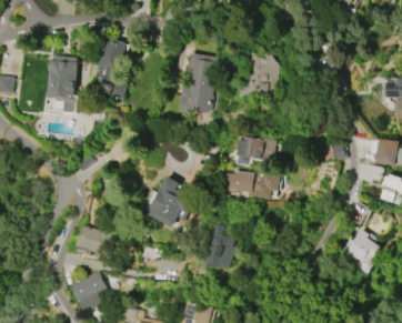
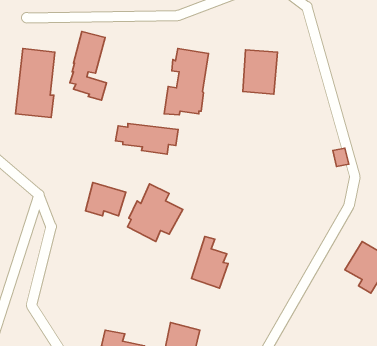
building: [233,135,275,166] -> none
building: [222,171,279,199] -> [116,124,178,154]
building: [76,225,112,255] -> [85,182,126,216]
building: [70,271,110,309] -> none

